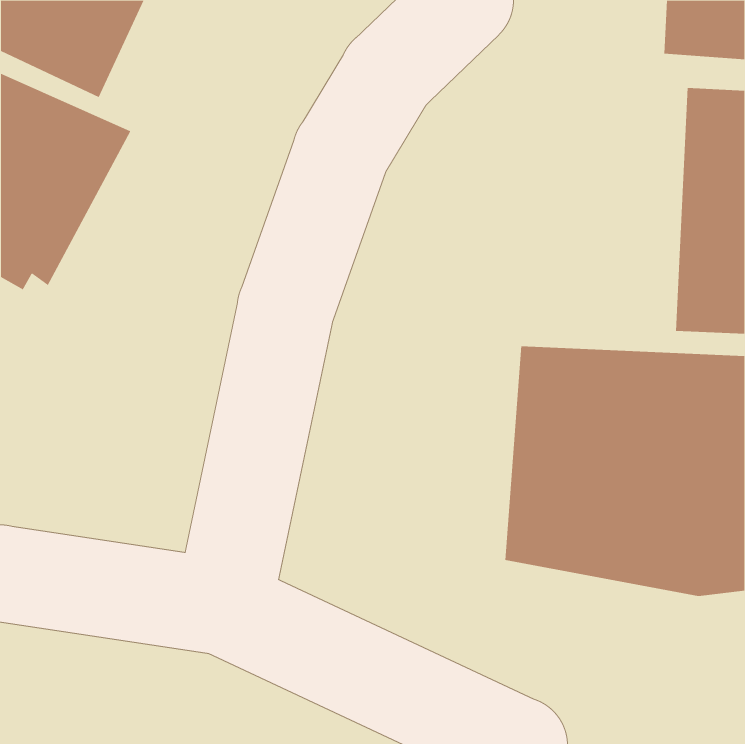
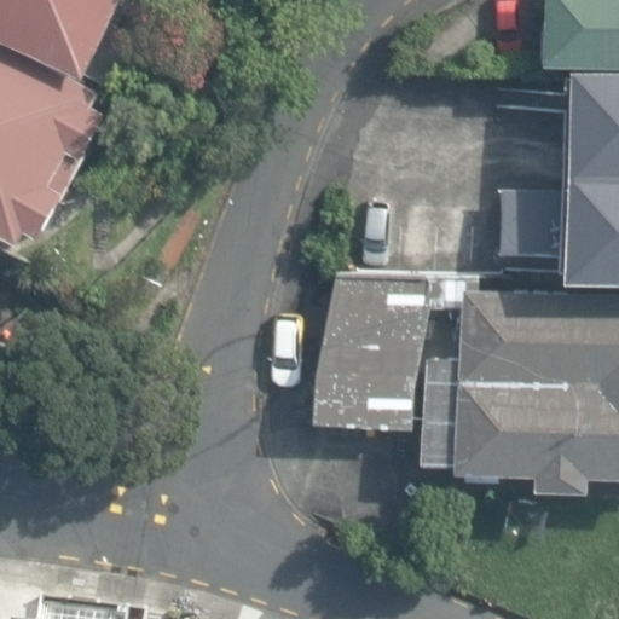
building: none -> [317,272,416,427]

